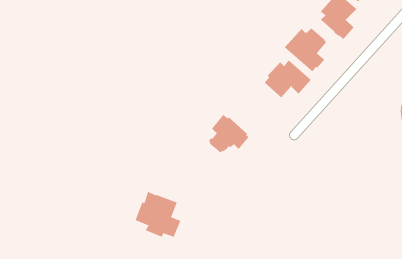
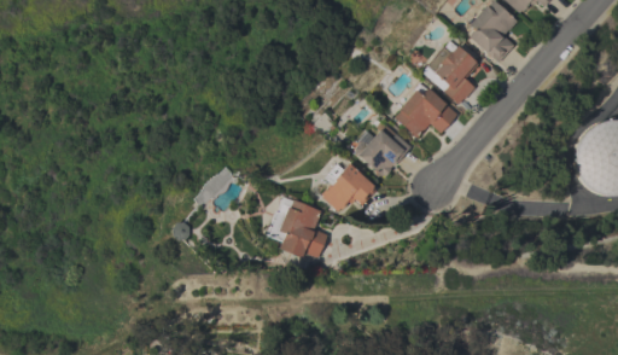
building: none -> [355,121,410,175]
building: [135,191,181,238] -> [266,196,327,257]

